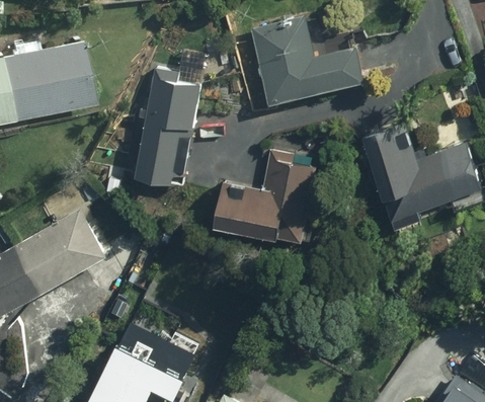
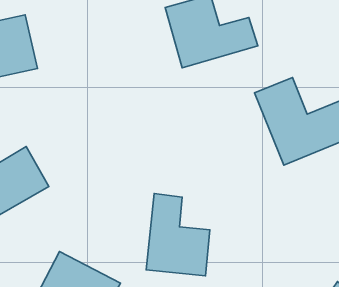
building: [136,57,203,183] -> none
building: [214,153,309,239] -> none
building: none -> [146,194,210,276]

